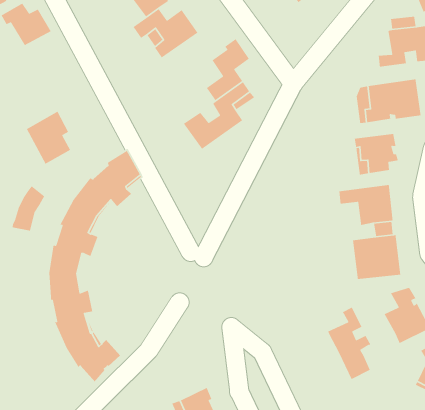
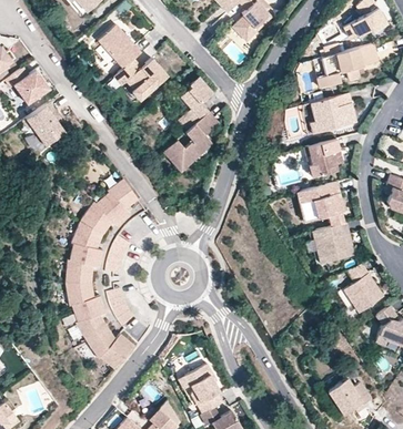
building: [26,111,71,165] -> [24,100,63,145]
building: [12,185,45,231] -> [107,235,131,273]
building: none -> [108,289,135,327]
building: [327,306,372,380] -> none

